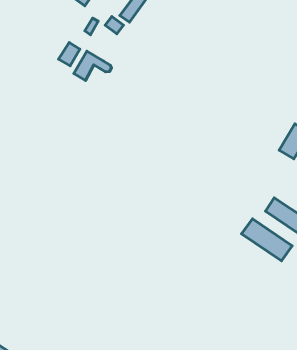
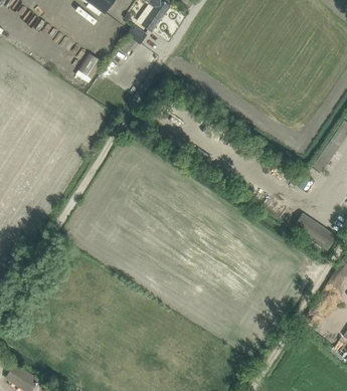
building: [74,51,112,81] -> none
building: [242,219,292,261] -> none

